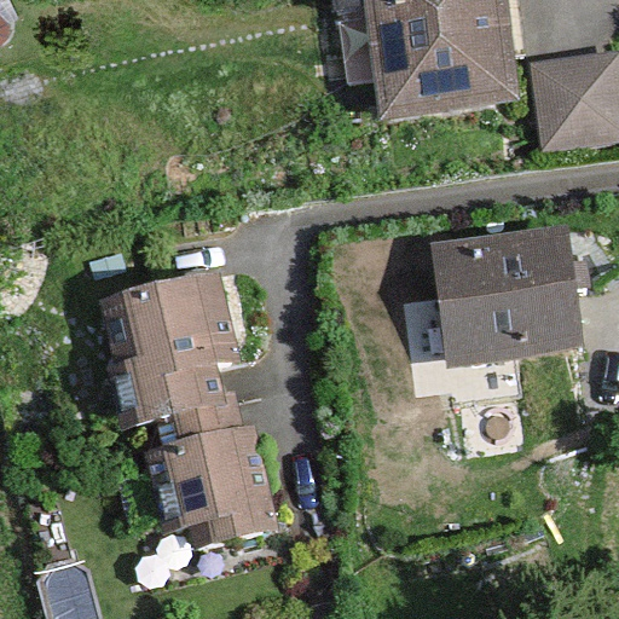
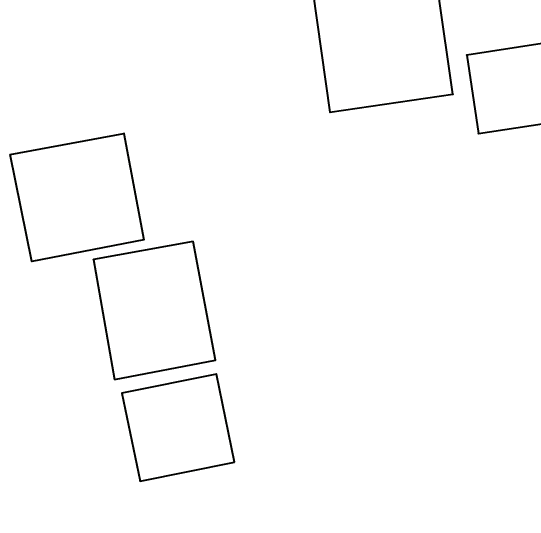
building: none -> [10,133,144,261]
building: [423,220,582,366] -> none

